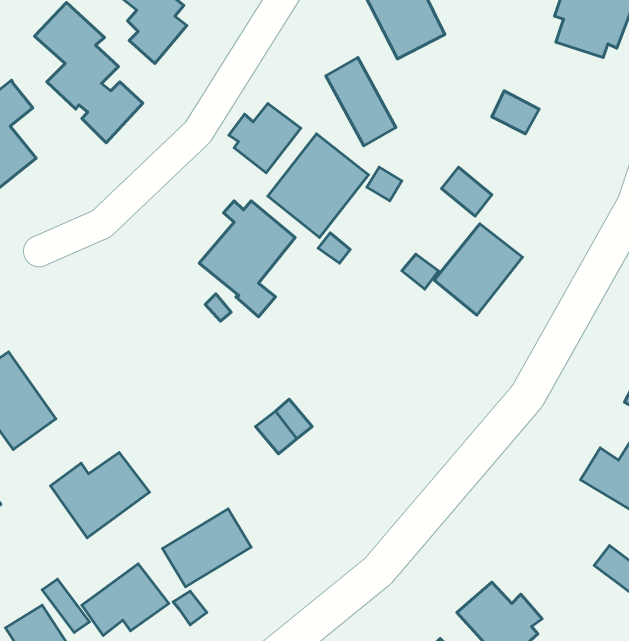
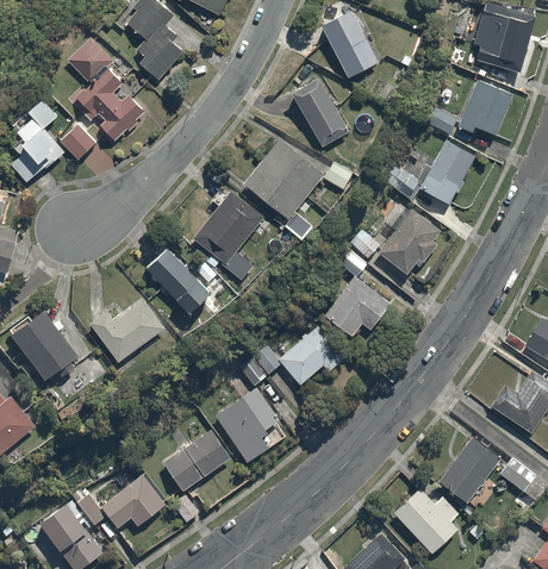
building: none -> [457,82,515,139]
building: [229,103,301,173] -> none
building: none -> [58,121,98,161]
building: none -> [421,140,475,205]
building: none -> [323,246,399,336]
building: none -> [148,248,213,314]
building: none -> [278,327,342,384]
building: [51,452,150,538] -> [88,298,166,364]
building: none -> [216,388,280,463]
building: none -> [436,434,500,506]

